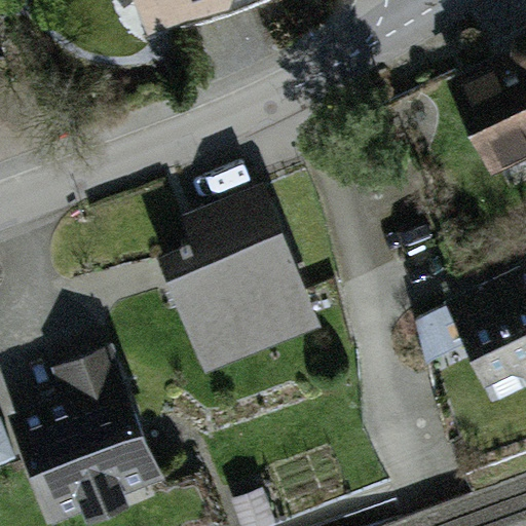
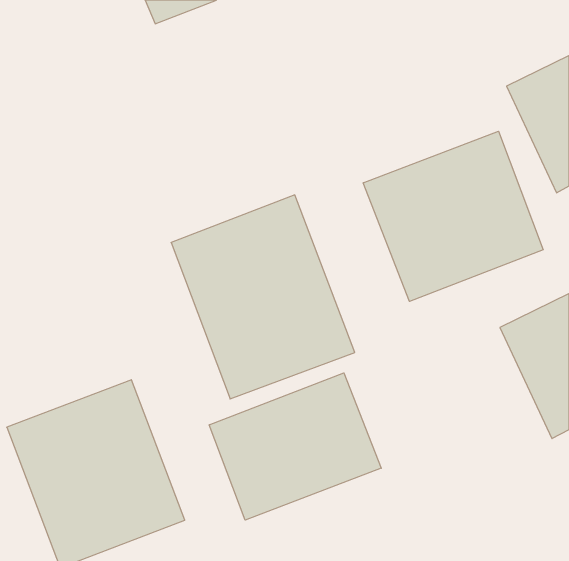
building: none -> [363,131,543,301]
building: none -> [209,373,381,520]

